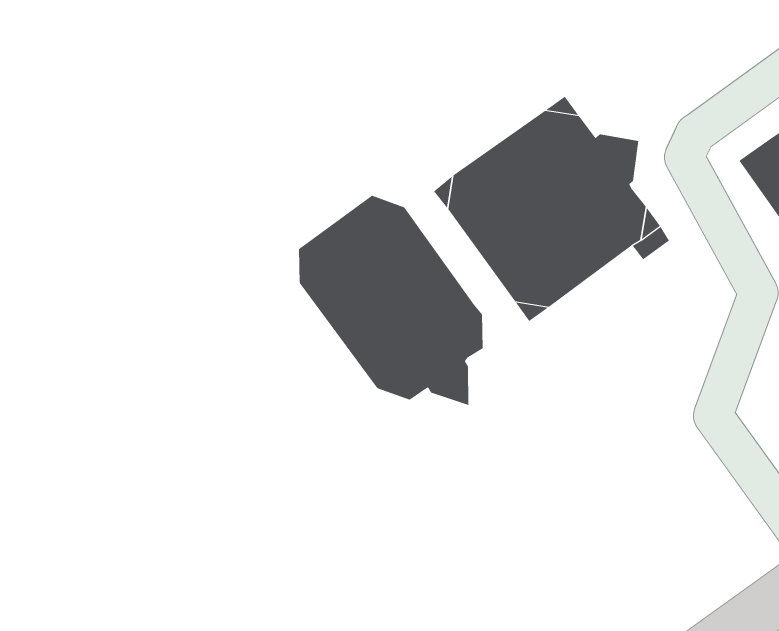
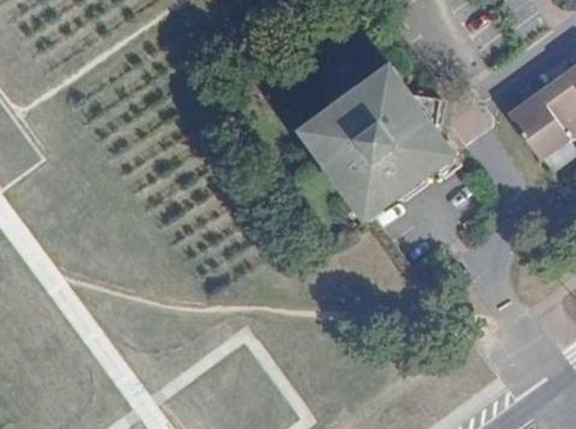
building: [298,195,483,406] -> none

